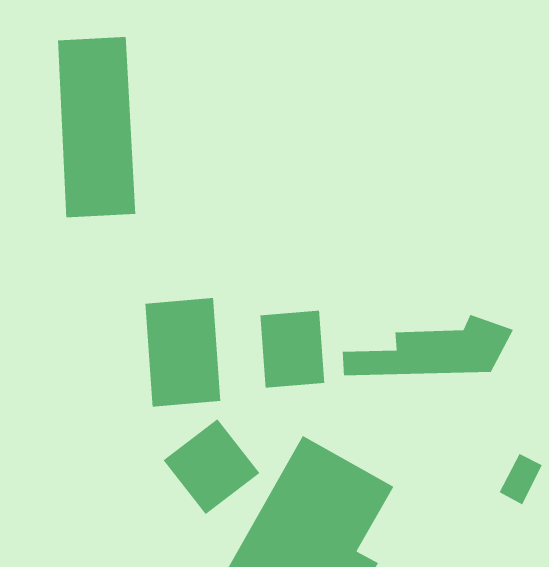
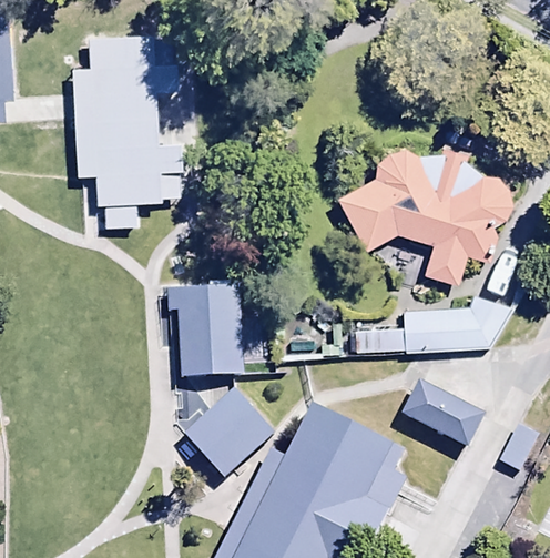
building: none -> [338,146,511,282]
building: [260,310,325,389] -> none
building: none -> [404,384,480,448]

